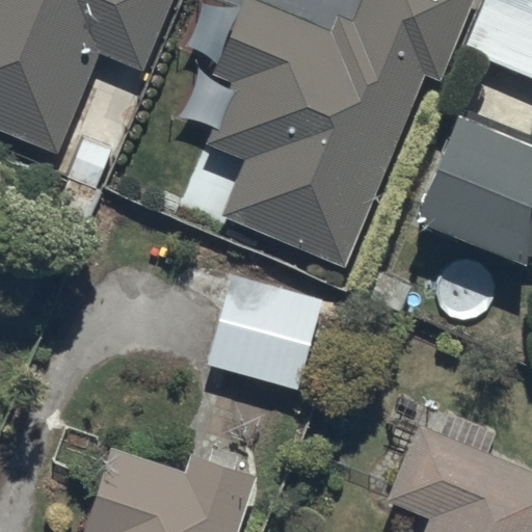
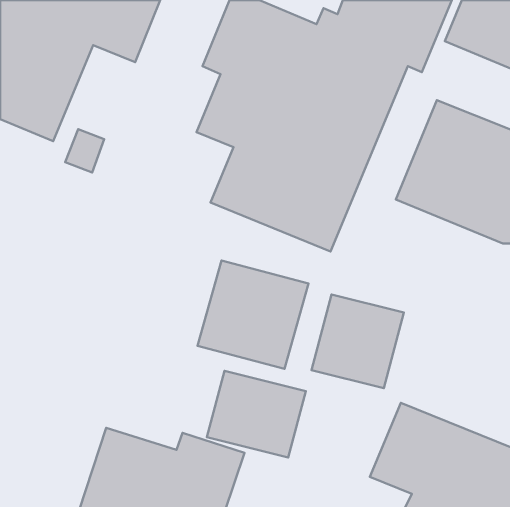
building: none -> [311,295,404,388]
building: none -> [207,371,306,458]

